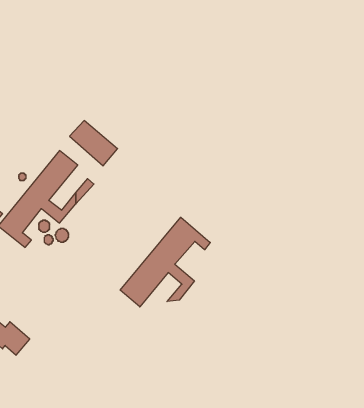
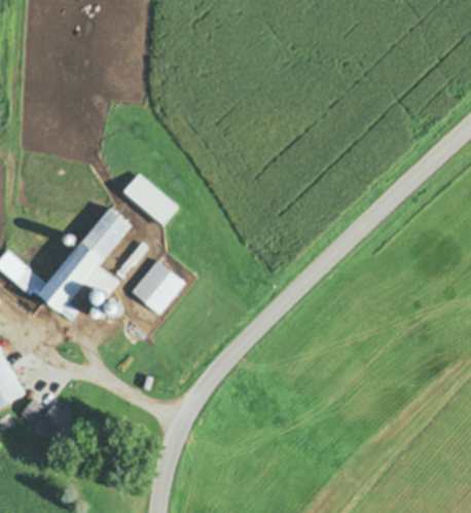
building: none -> [131,259,185,314]
building: [120,217,210,307] -> none

